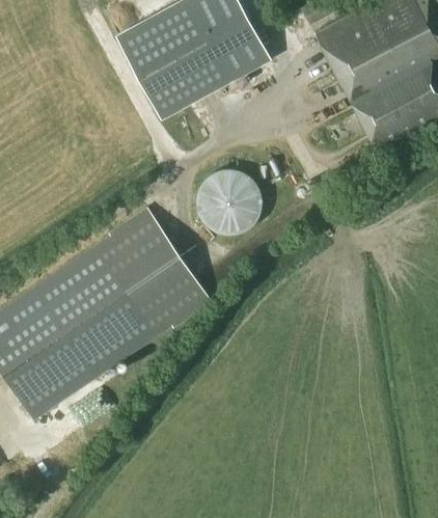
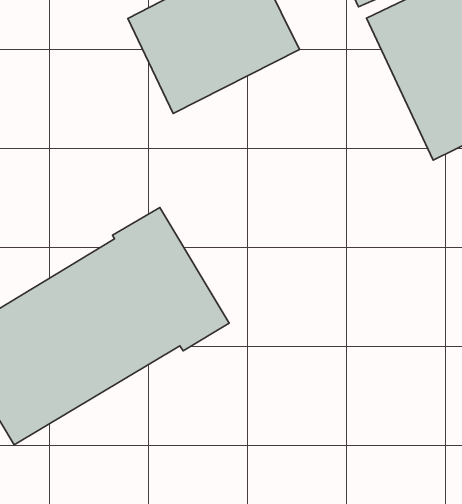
building: [197,168,264,234] -> none

